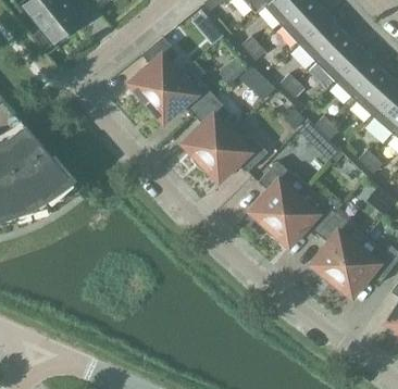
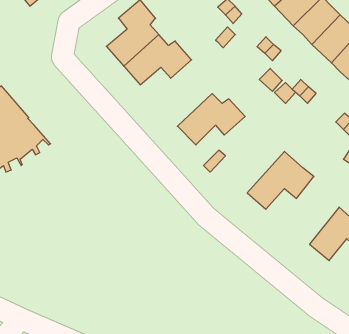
building: [184,97,236,163] -> none
building: [251,162,309,229] -> none
building: [312,213,362,280] -> none

